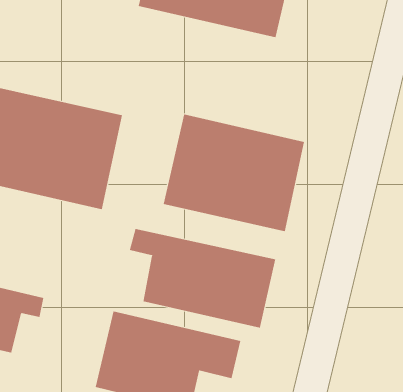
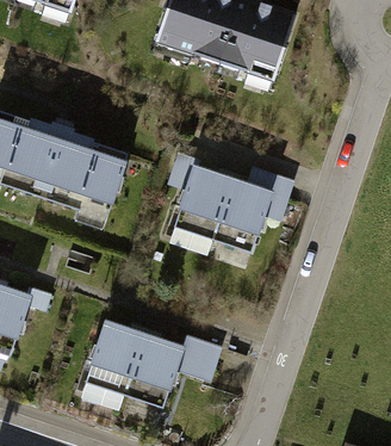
building: [129,228,276,329] -> none

